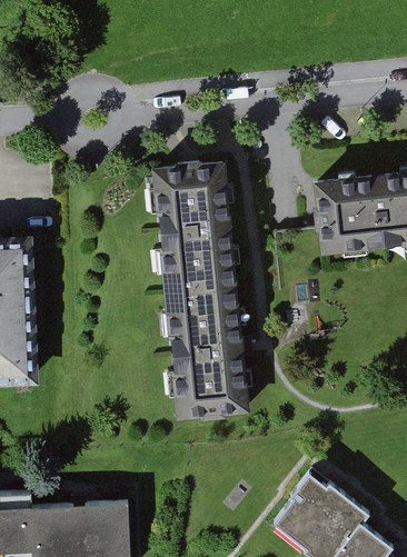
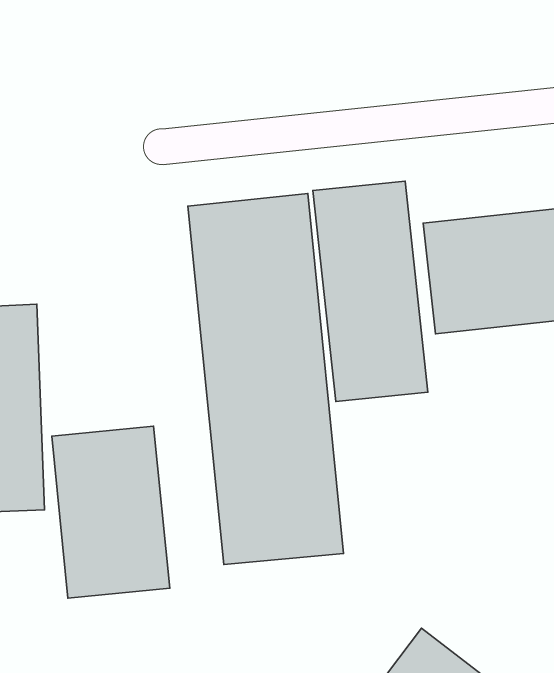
building: none -> [313,181,428,402]
building: none -> [52,426,170,598]

